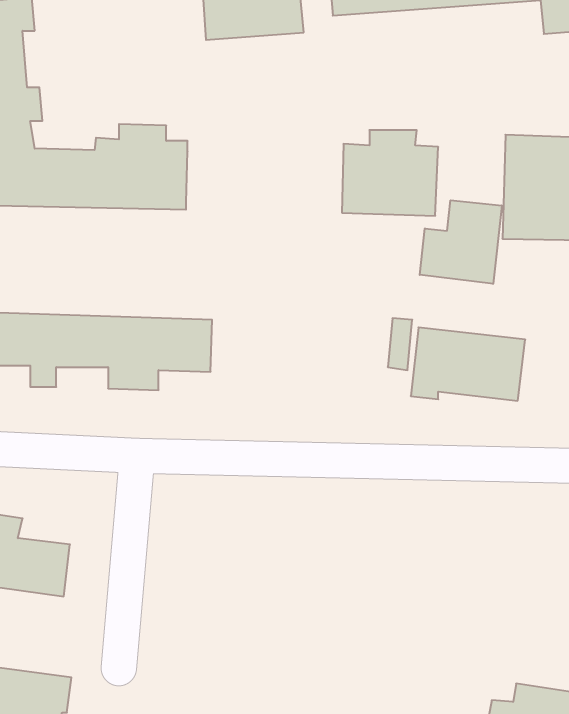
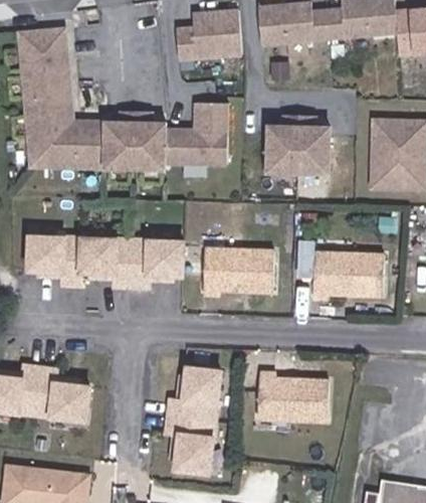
building: none -> [165,105,229,165]
building: [420,200,502,284] -> none
building: none -> [204,244,276,293]
building: none -> [166,371,220,478]
building: none -> [257,377,329,424]

